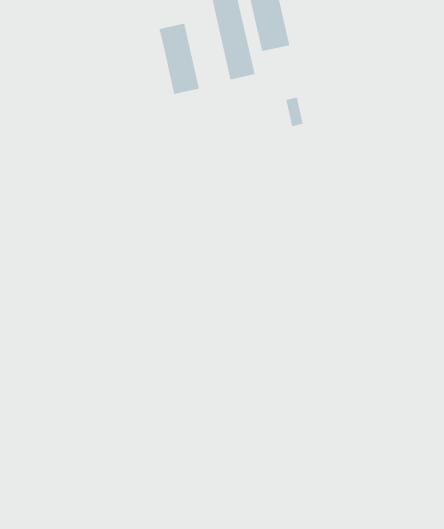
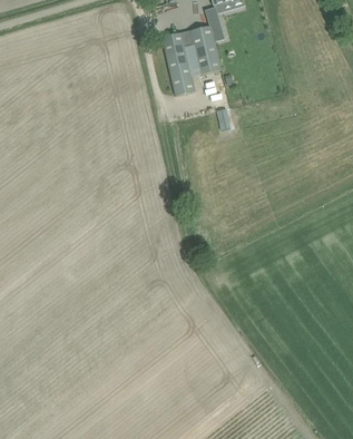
building: [159,23,200,95] -> none

